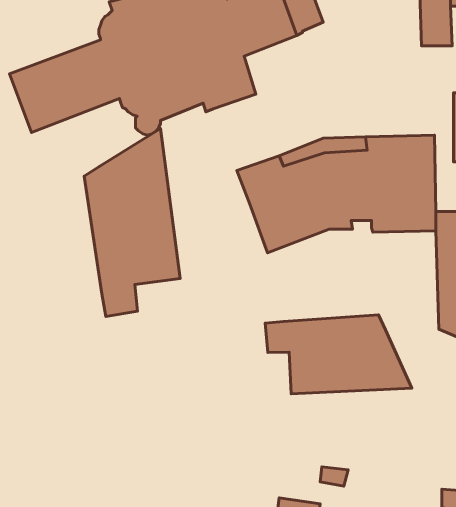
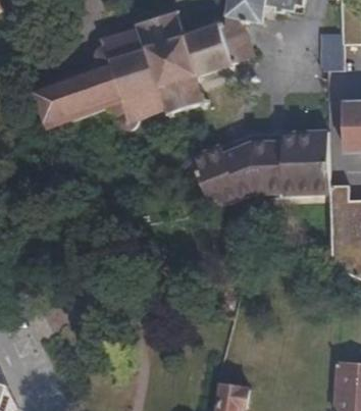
building: [84,128,180,317] -> none
building: [265,315,412,394] -> none

